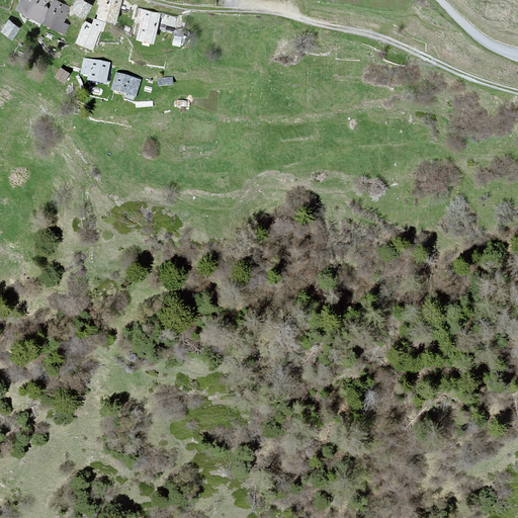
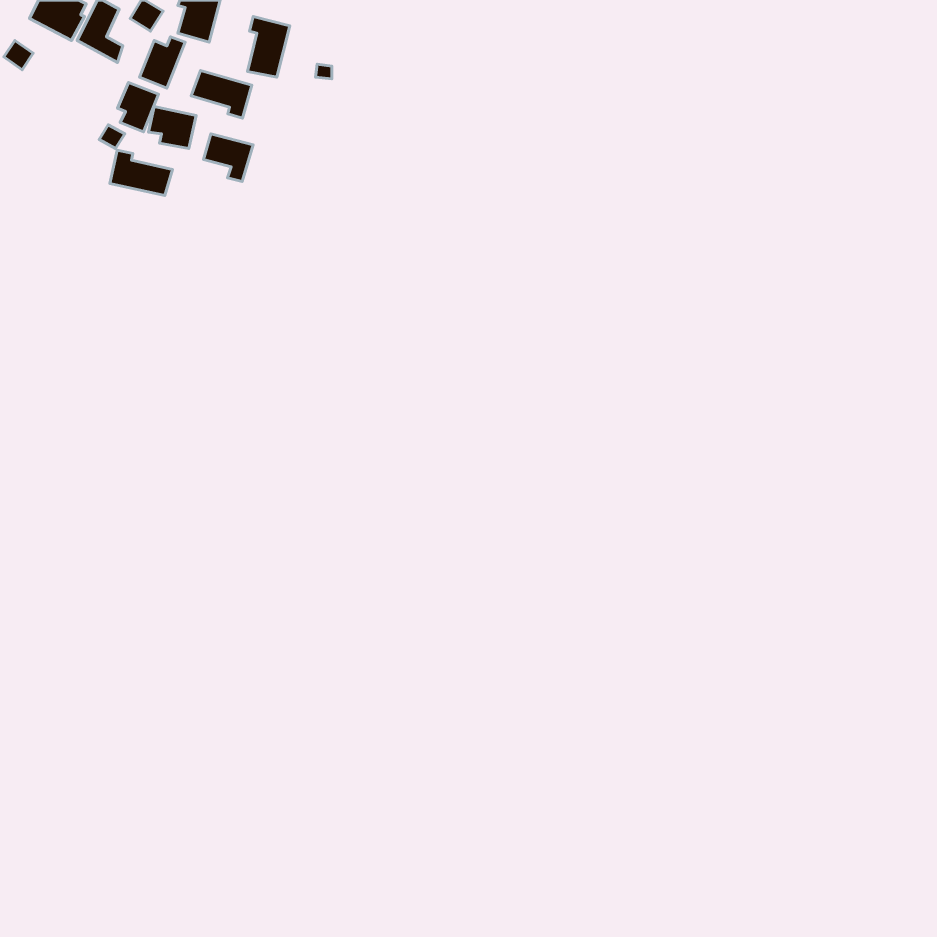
building: none -> [191,70,252,118]
building: none -> [117,82,159,132]
building: none -> [110,150,173,196]

